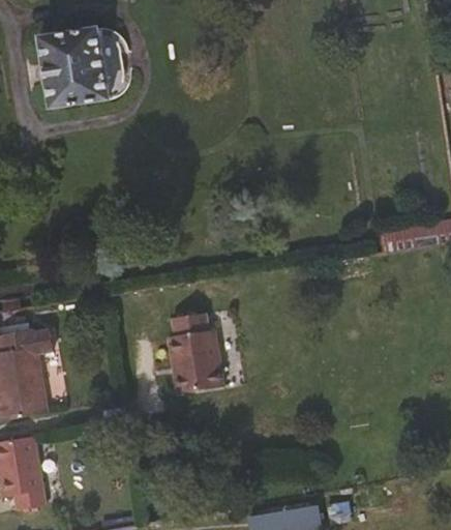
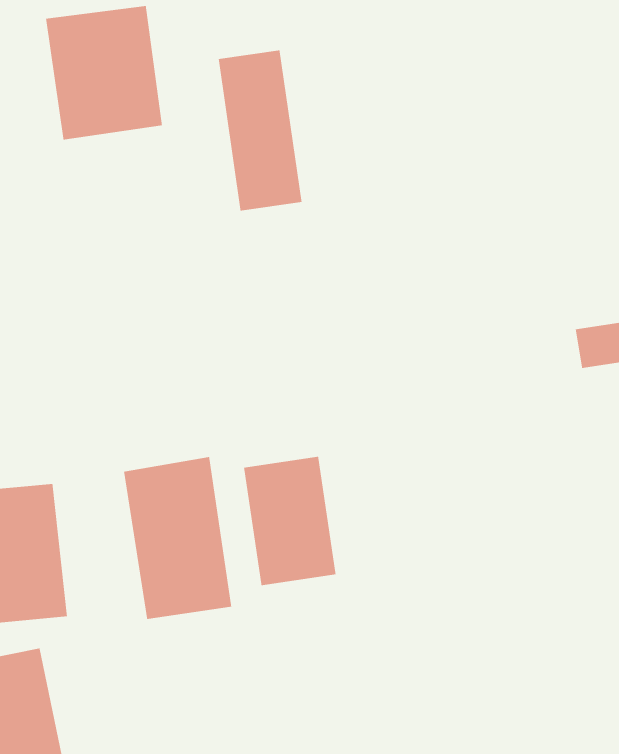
building: none -> [218,50,302,211]
building: none -> [123,456,232,620]

